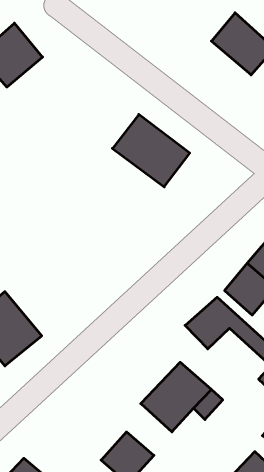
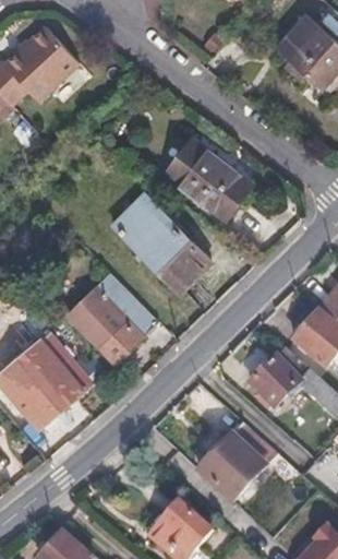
building: none -> [110,192,218,292]
building: none -> [67,273,159,365]

